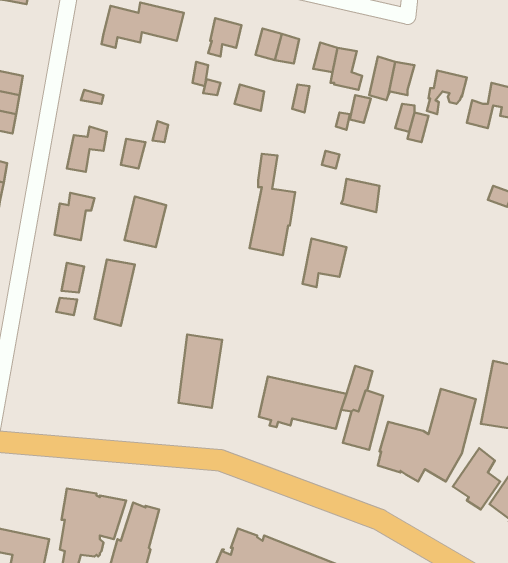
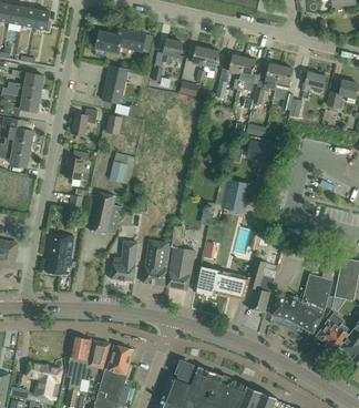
building: none -> [102,65,127,104]
building: [250,154,295,255] -> [166,226,195,290]
building: none -> [45,233,73,275]
building: none -> [111,241,137,282]

